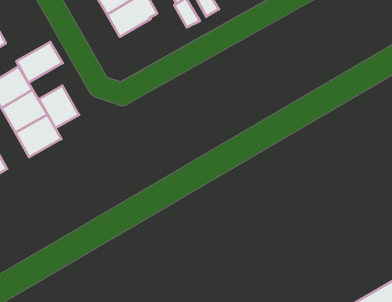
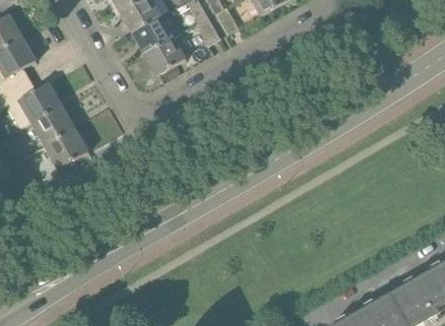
building: none -> [143,35,185,73]
building: [17,42,63,83] -> none
building: [39,86,79,128] -> none

